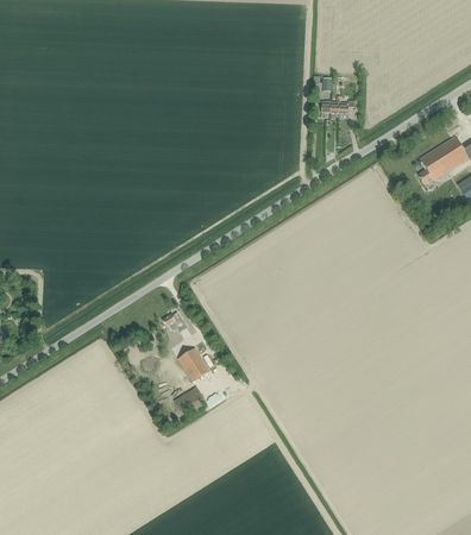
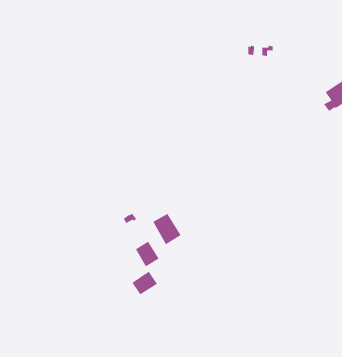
building: none -> [152,213,182,245]

